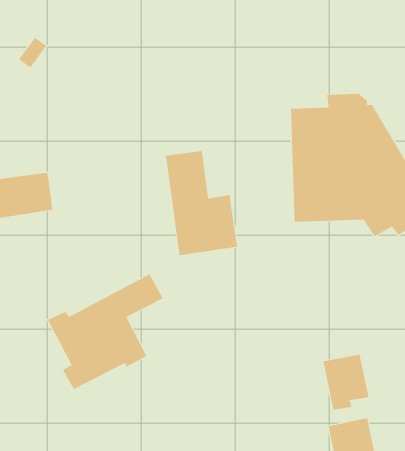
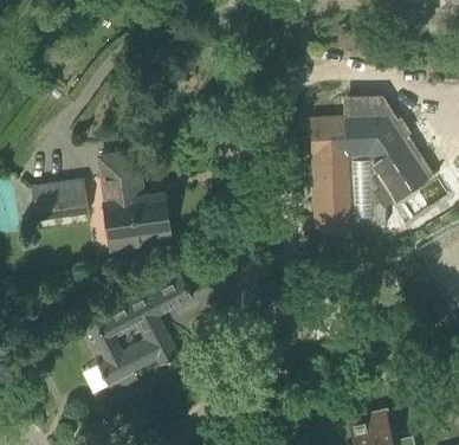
building: [165,151,238,256] -> [101,151,169,251]
building: [323,354,369,411] -> none

